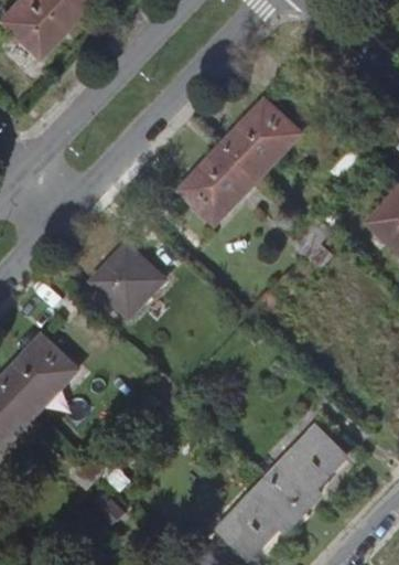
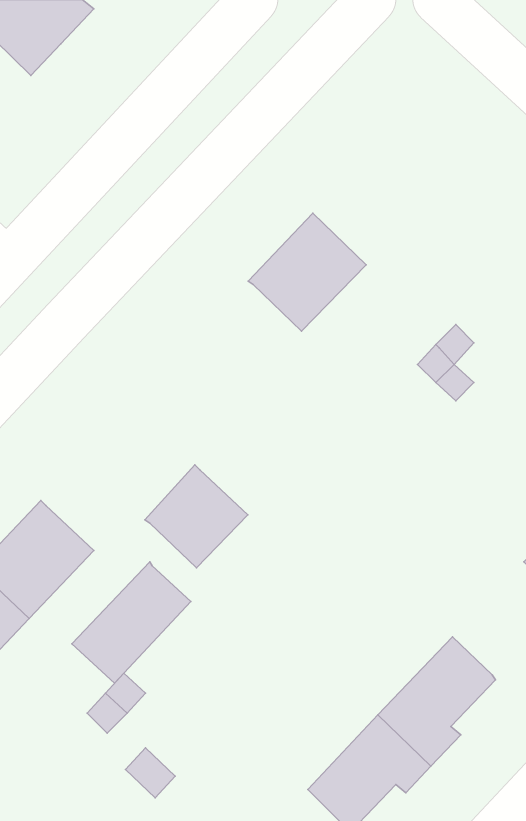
building: [223,98,300,178] -> none
building: [94,244,162,312] -> [145,465,248,568]
building: none -> [72,562,191,683]

